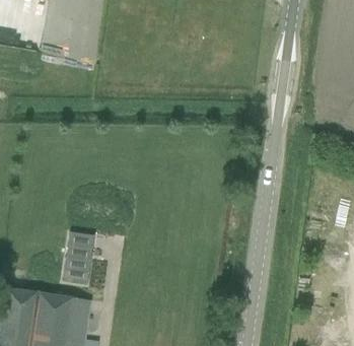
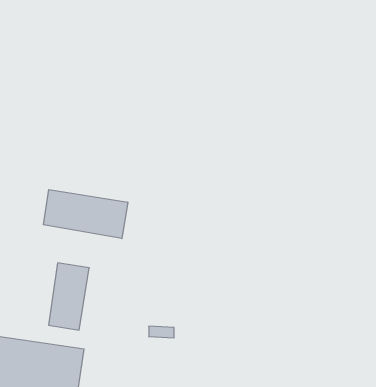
building: none -> [43,190,128,239]

